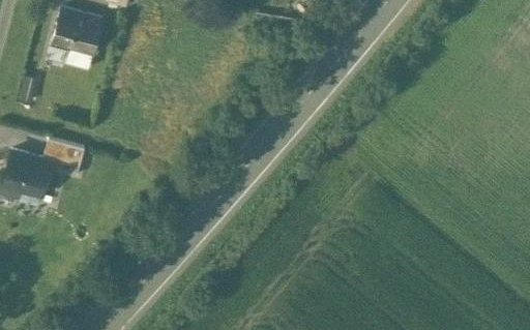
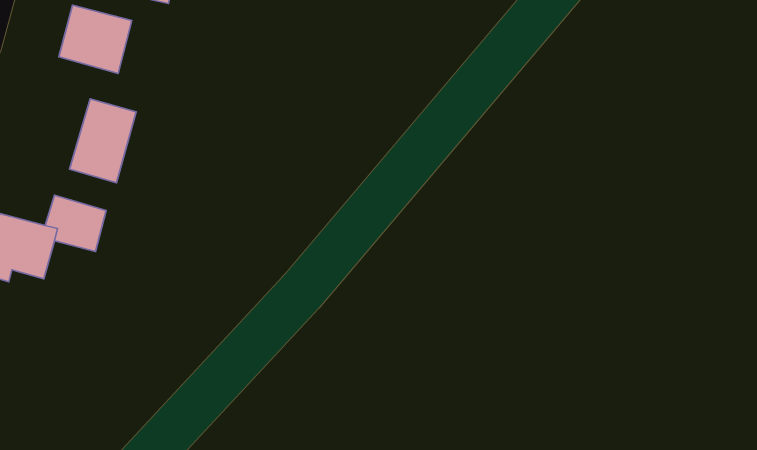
building: none -> [70,99,136,183]

